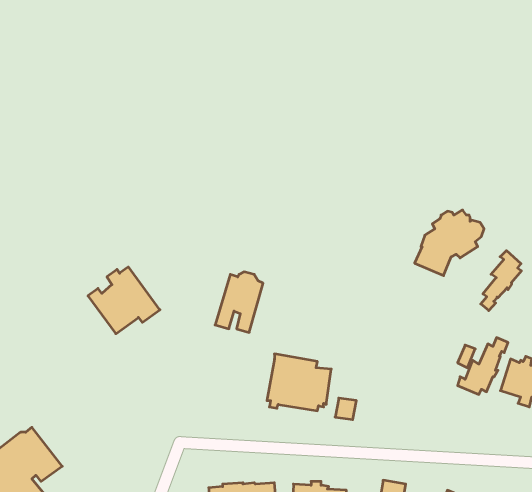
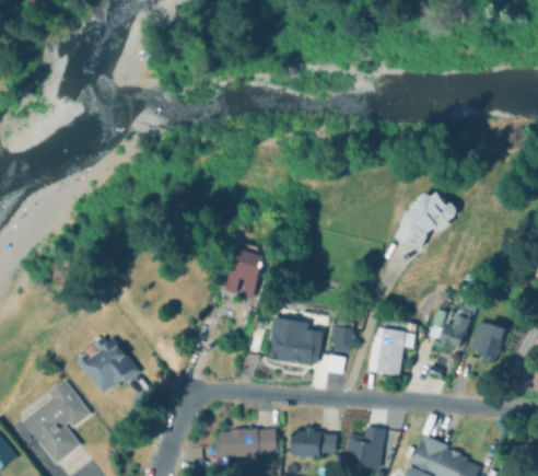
building: [481,251,521,311] -> none
building: [88,267,160,334] -> [78,336,140,394]
building: none -> [331,320,356,351]
building: none -> [367,320,417,375]

